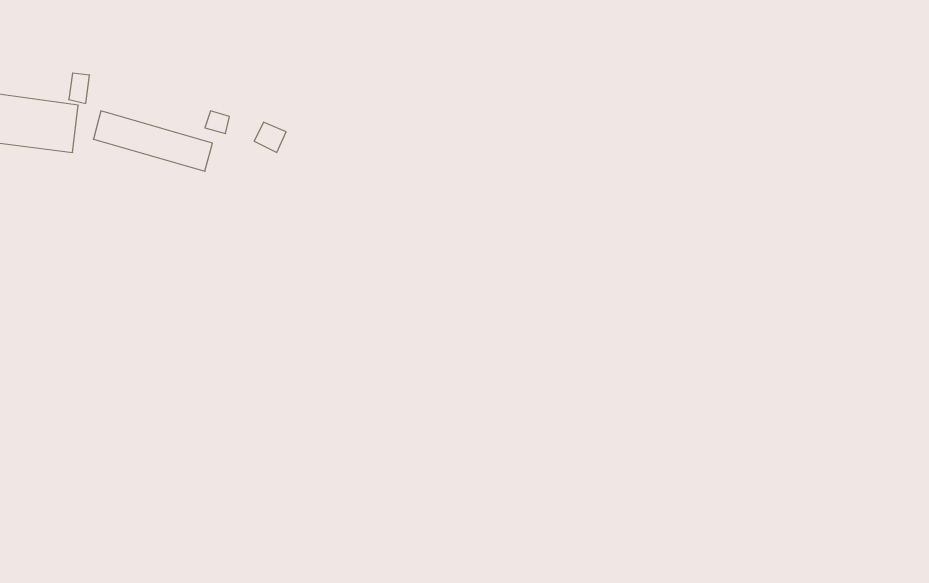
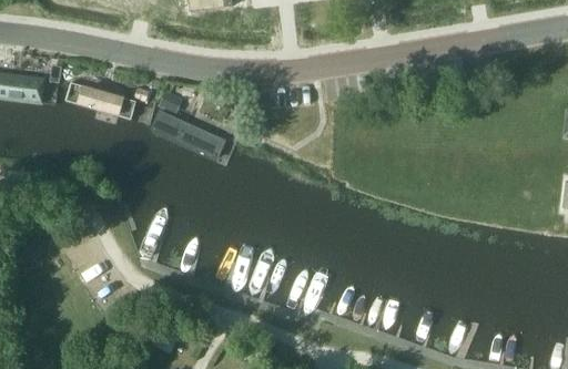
building: none -> [156,114,219,156]

